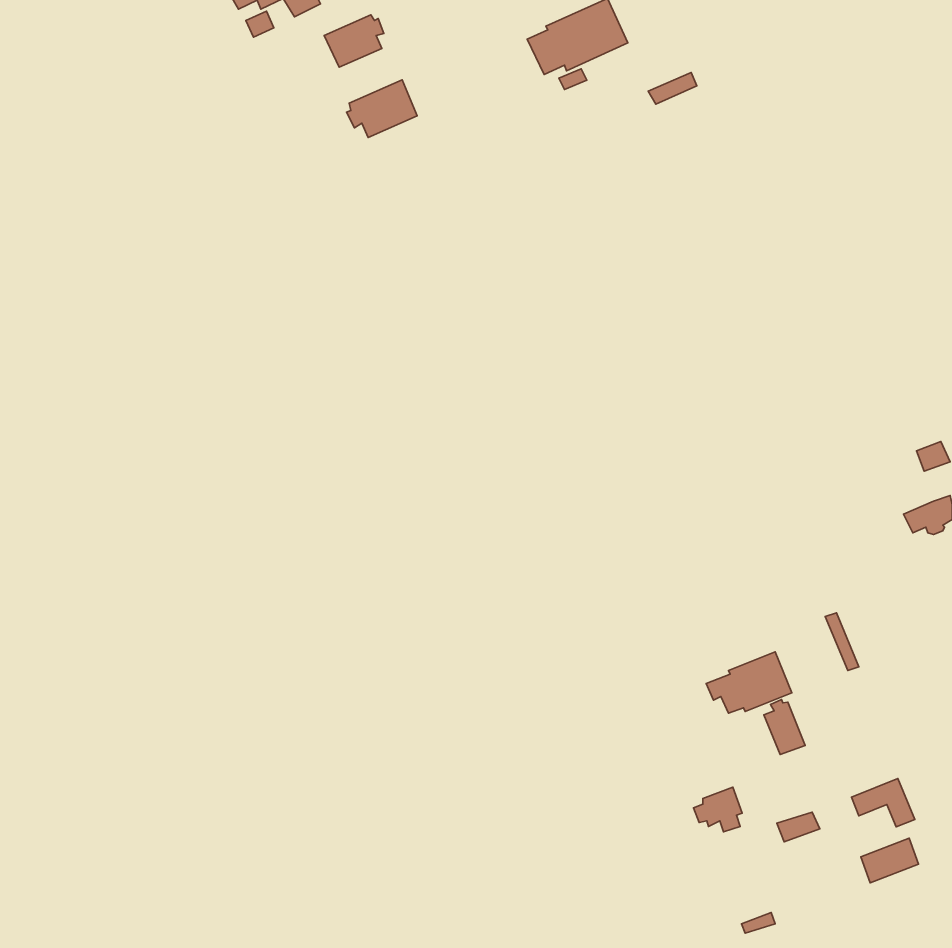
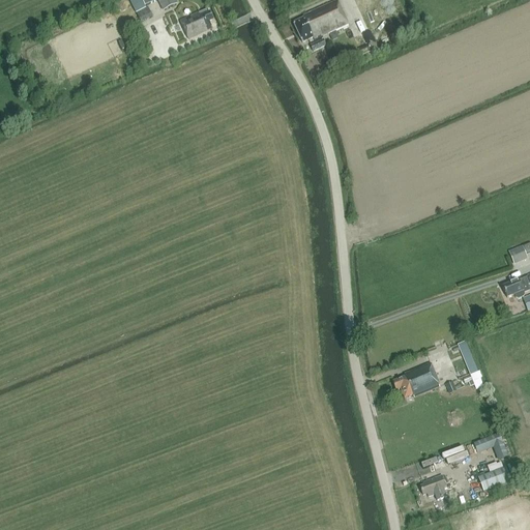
building: [346,80,417,138] -> none
building: [764,699,805,755] -> none
building: [694,787,742,832] -> [420,474,447,499]

